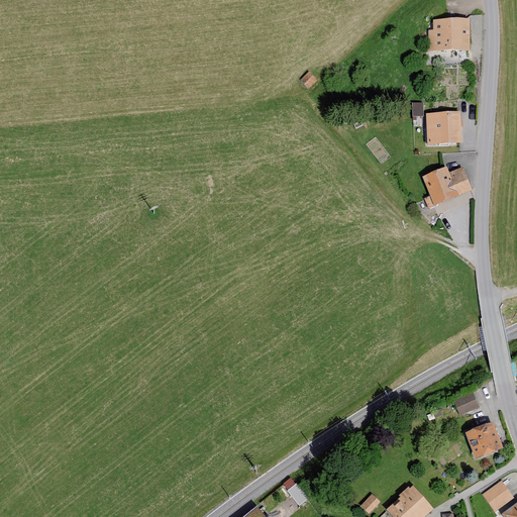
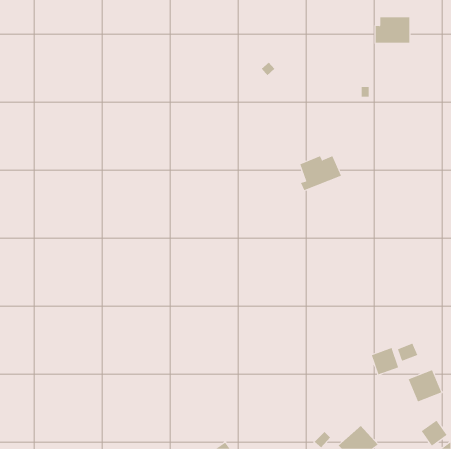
building: [425,110,462,143] -> none
building: [423,166,472,206] -> [299,155,342,191]
building: none -> [371,347,399,375]

